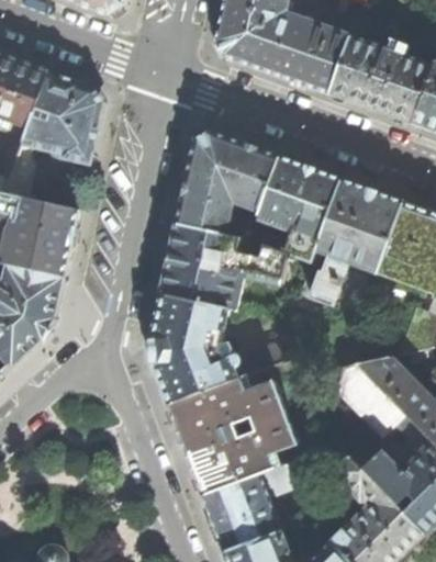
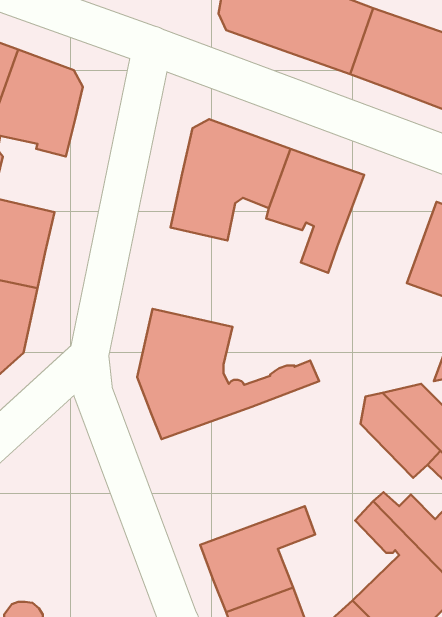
building: [309,179,402,305] -> none
building: [160,224,287,311] -> none
building: [168,376,295,494] -> none

